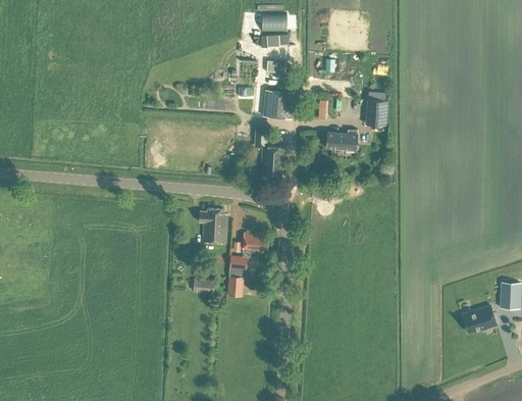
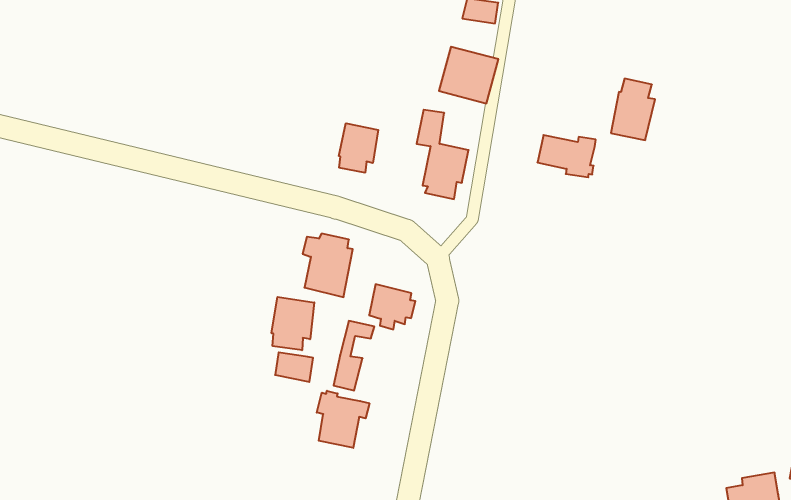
building: none -> [339,123,378,173]
building: none -> [272,297,314,350]
building: none -> [317,391,369,448]

